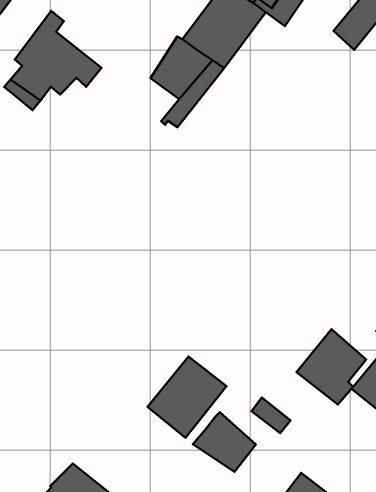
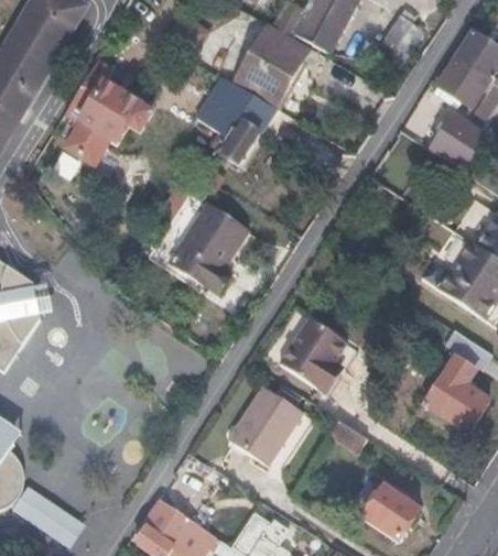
building: none -> [169,208,246,296]
building: [297,329,366,405] -> [279,316,345,389]
building: [193,412,256,472] -> none

